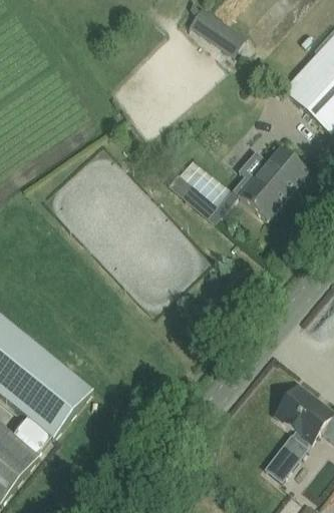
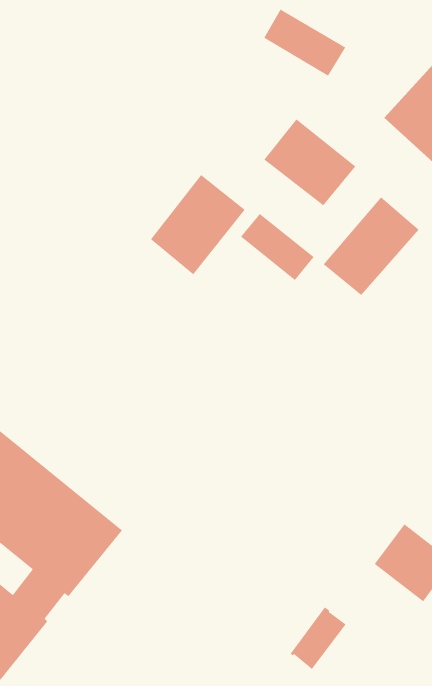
building: none -> [264,118,356,206]
building: none -> [150,174,245,275]
building: [266,434,307,480] -> [290,607,346,670]

